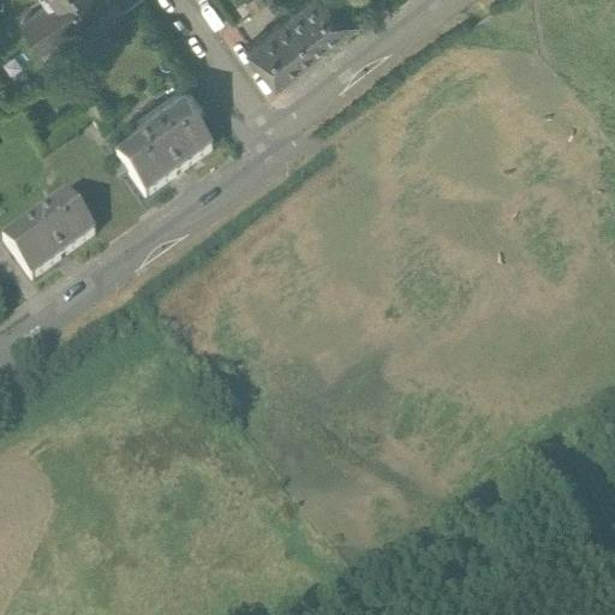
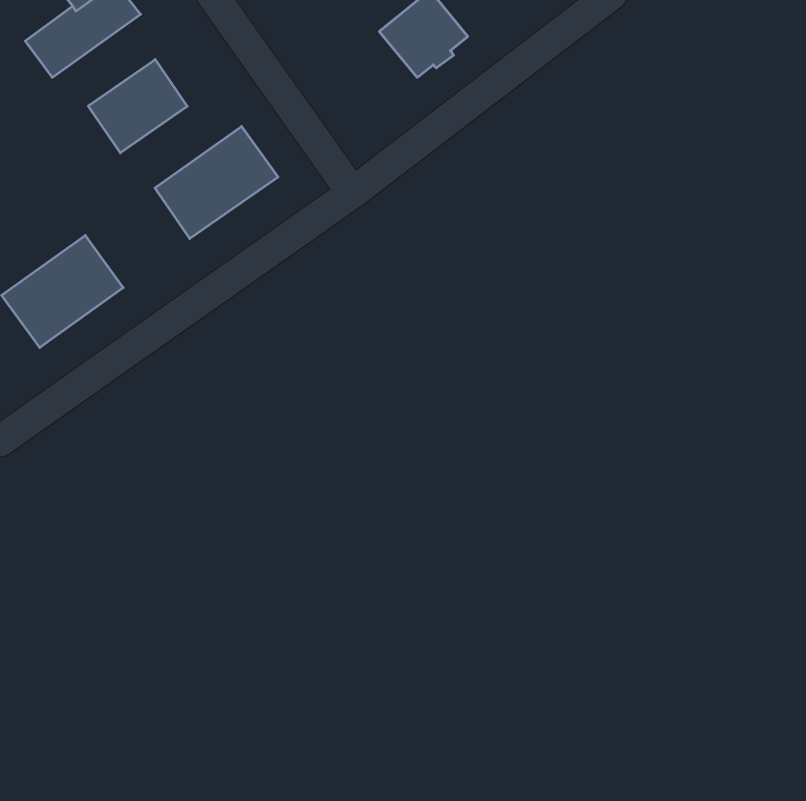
building: [249,24,318,92] -> none
building: none -> [88,59,187,153]

